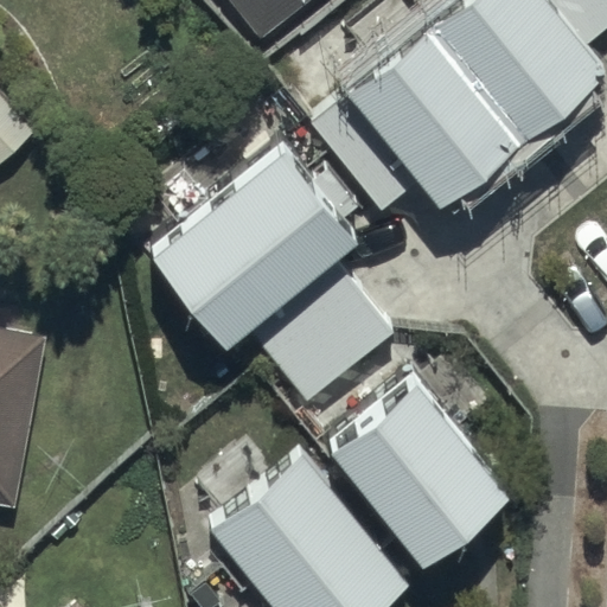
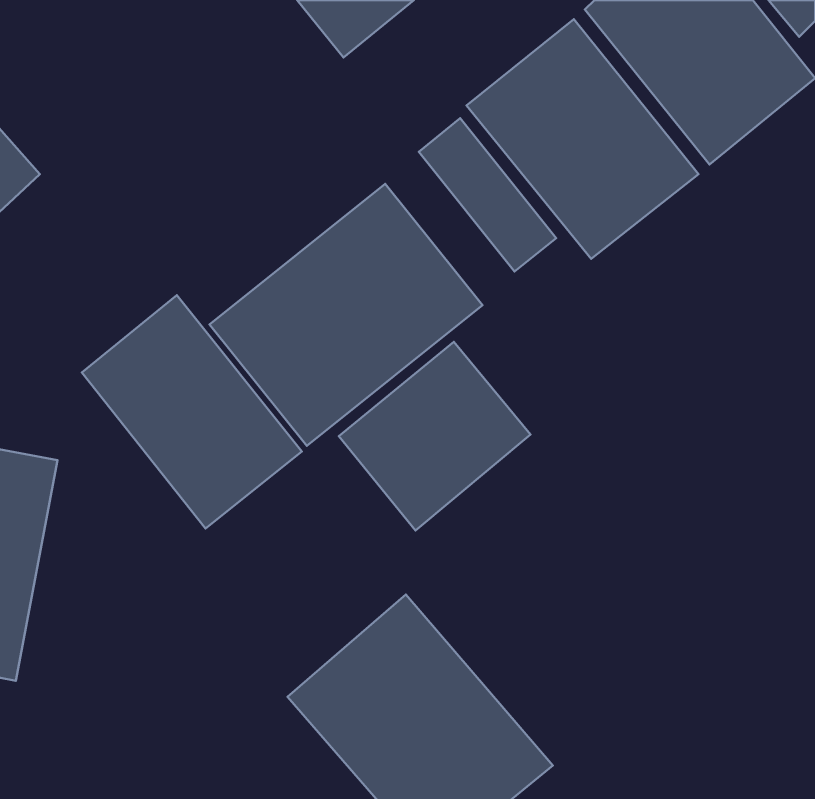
building: none -> [82,295,302,529]
building: [328,385,500,564] -> none

